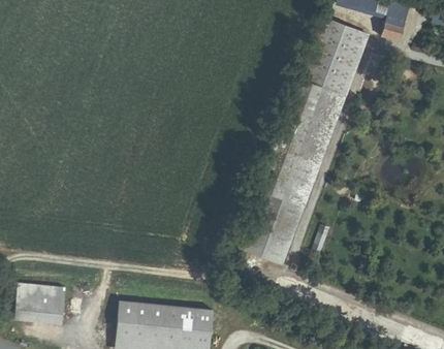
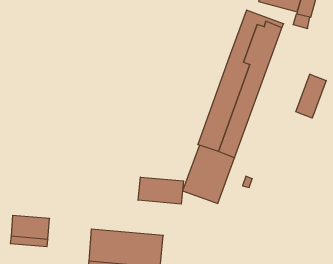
building: none -> [296,74,326,118]
building: none -> [138,177,184,204]

